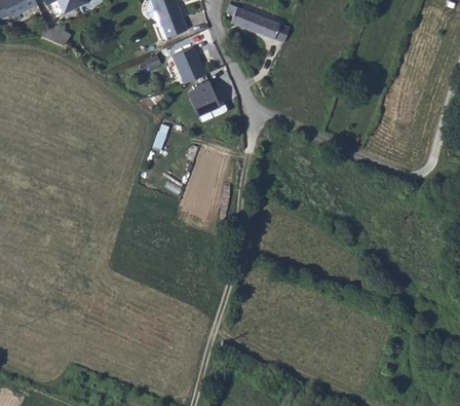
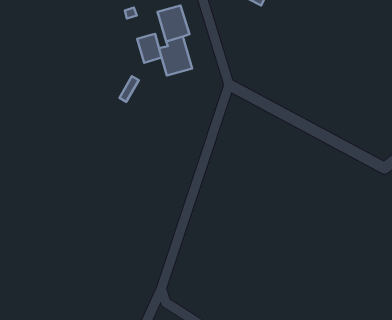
building: none -> [137,34,162,63]

